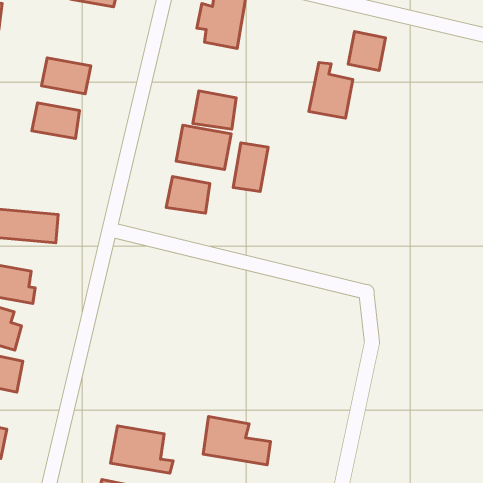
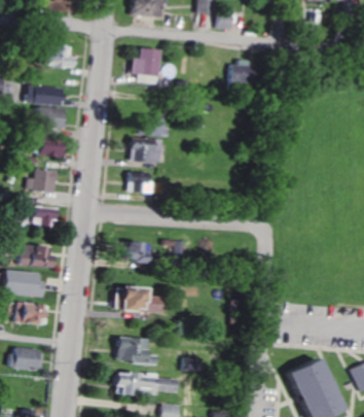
building: none -> [27,86,64,104]
building: [309,63,353,118] -> none
building: [233,143,268,192] -> none
building: none -> [29,170,58,193]
building: none -> [121,242,143,263]
building: [203,417,270,465] -> [116,286,158,312]

